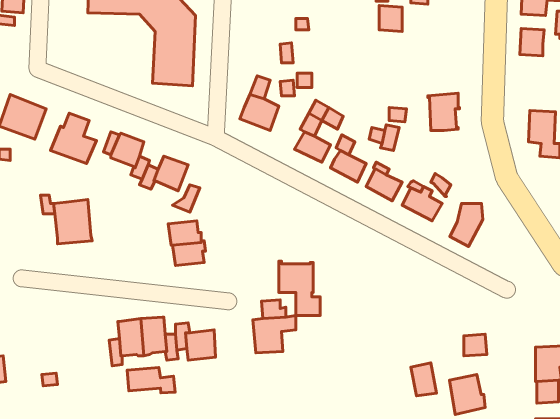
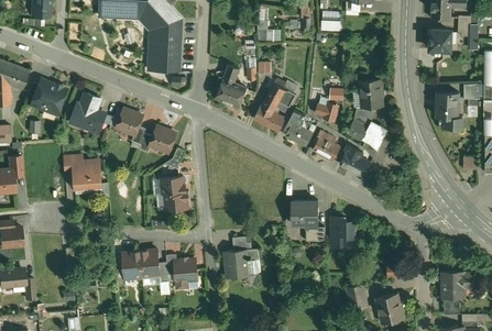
building: [450,204,483,247] -> [348,107,373,140]
building: [279,261,320,316] -> [293,200,325,242]
building: none -> [331,218,354,249]
building: [127,368,175,393] -> none

